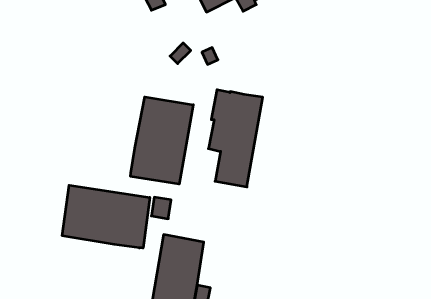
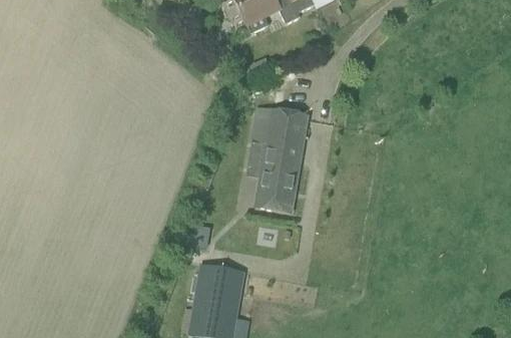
building: [131,97,193,184] -> none
building: [62,185,150,248] -> none

